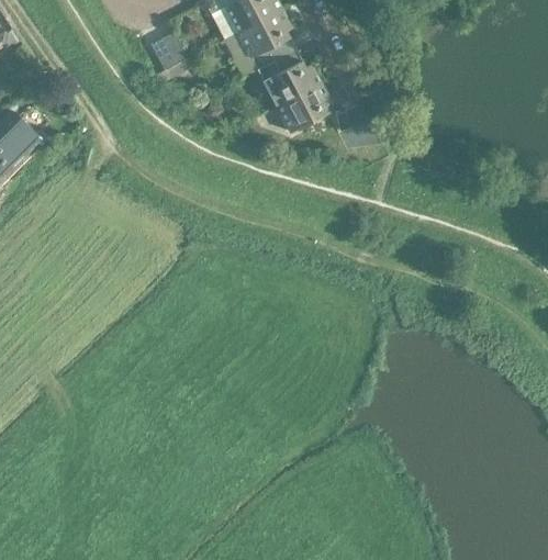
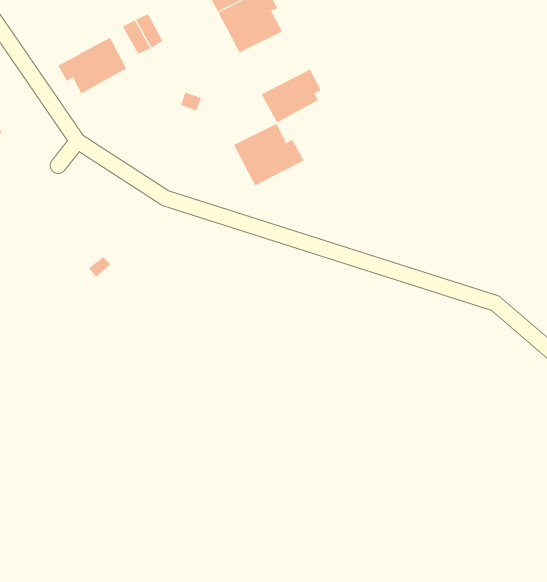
building: [256,48,321,105] -> [233,123,304,186]
building: none -> [58,37,127,94]

